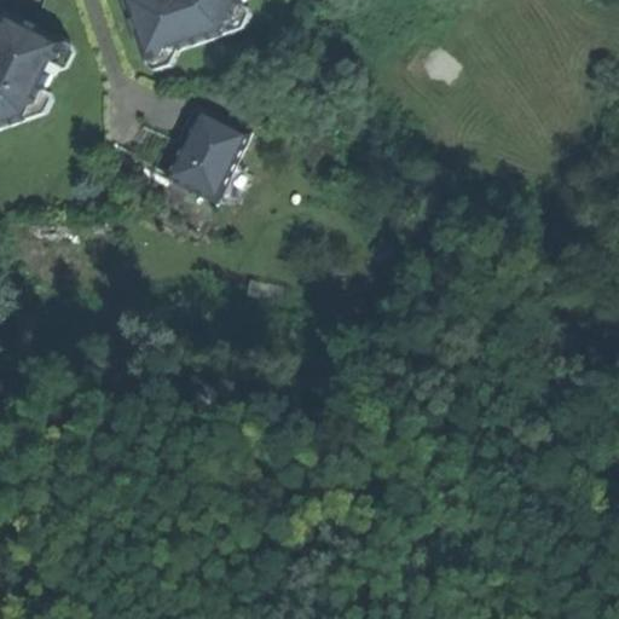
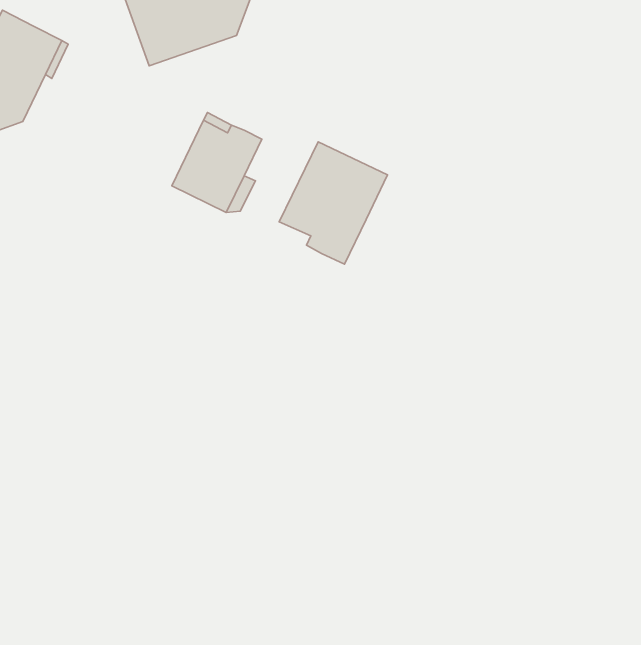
building: none -> [279,142,388,264]

